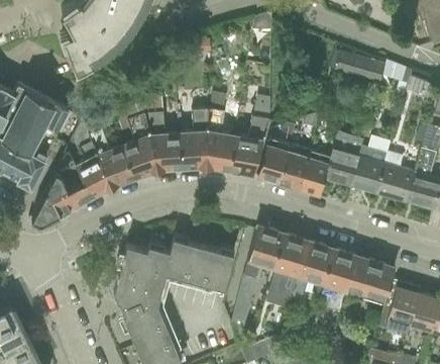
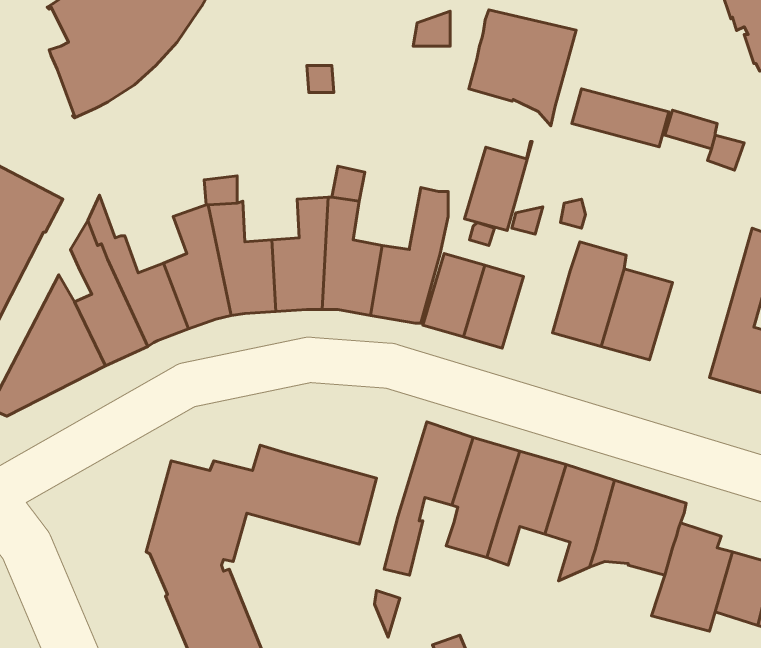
building: none -> [469,10,576,126]
building: [299,147,334,193] -> [465,141,532,231]
building: [375,153,415,202] -> none

